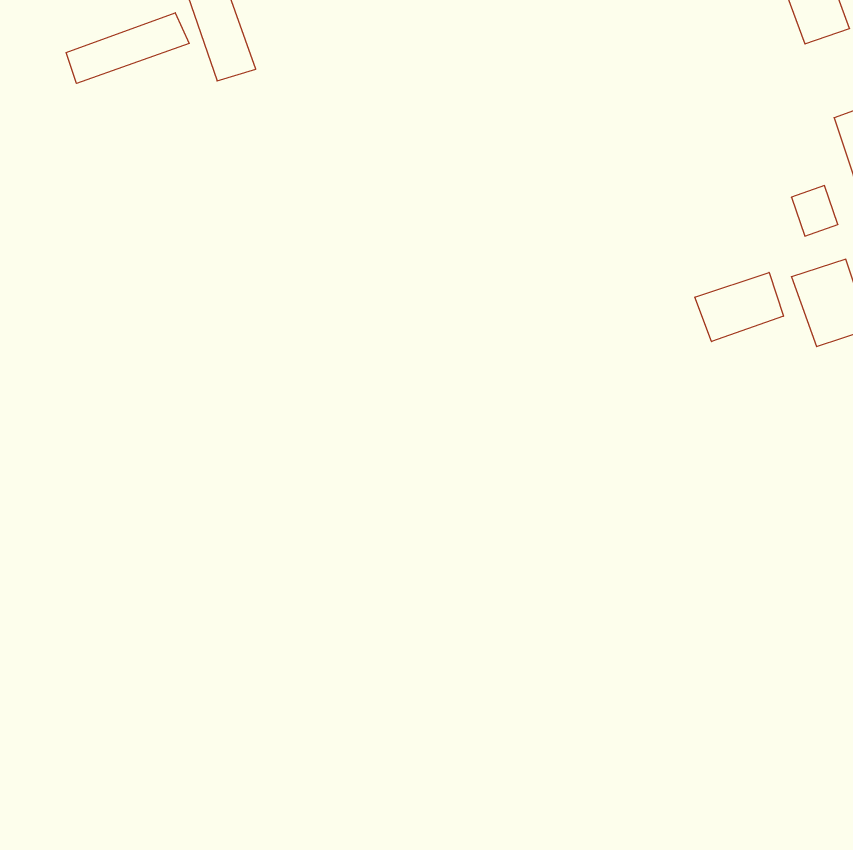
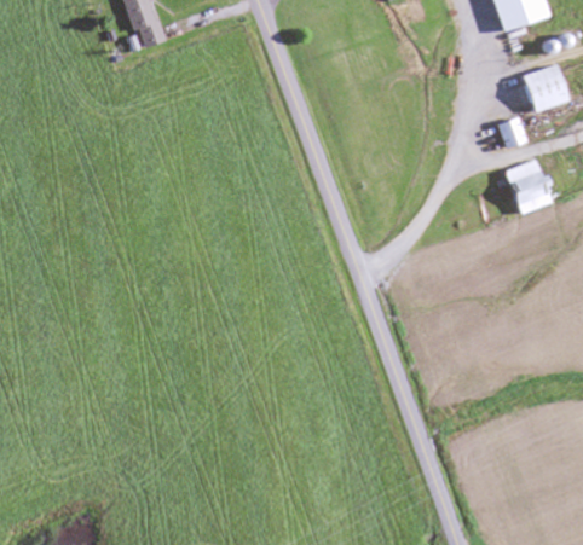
building: [66,13,189,83] -> none
building: [695,272,783,342] -> none

